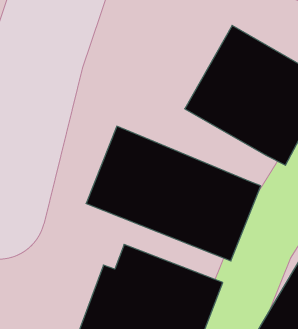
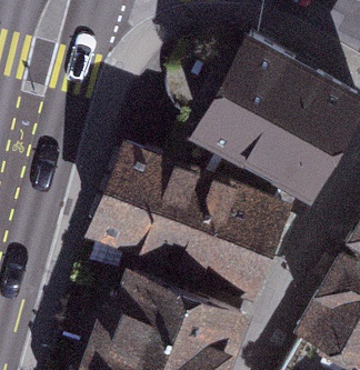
building: none -> [169,118,290,207]

